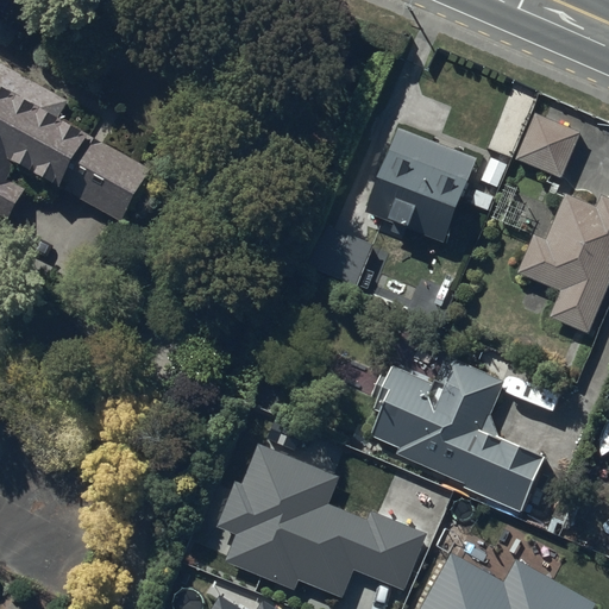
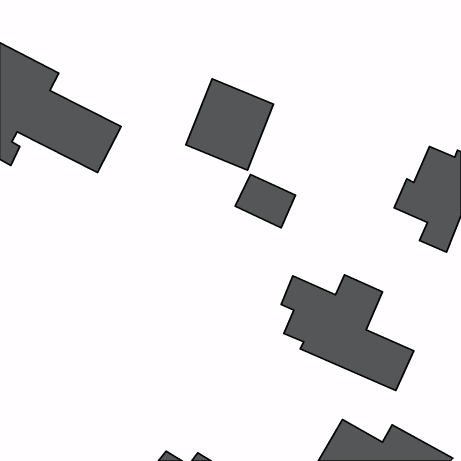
building: [516,114,580,180] -> none
building: [365,130,481,250] -> [186,79,274,170]
building: [215,441,426,596] -> none

